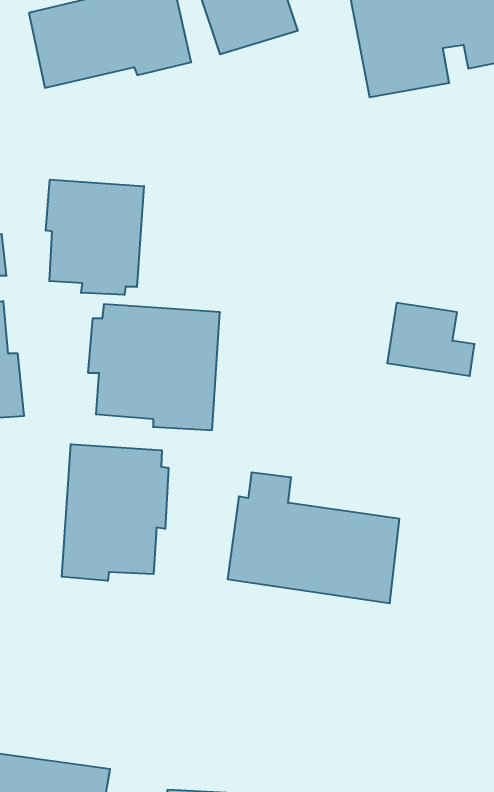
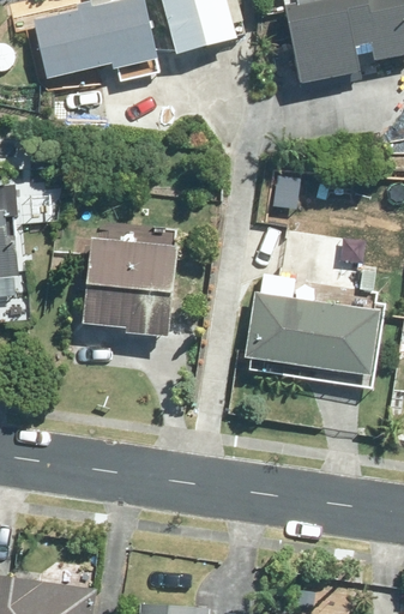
building: [46,180,144,295] -> none
building: [62,444,168,581] -> none
building: [228,473,399,603] -> [240,278,369,377]

